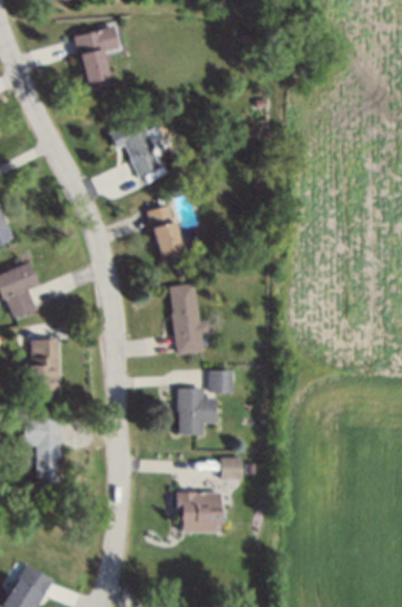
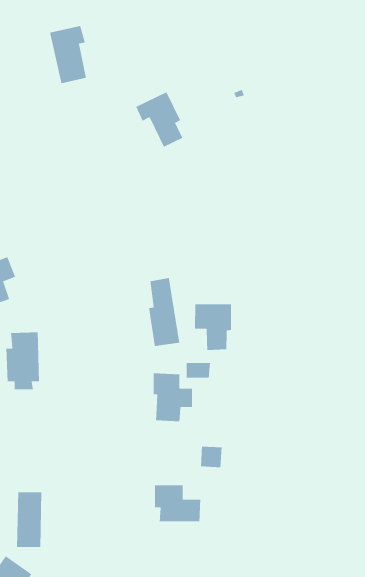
building: [111,119,160,175] -> [135,91,183,148]
building: [147,205,184,263] -> none
building: none -> [194,304,232,351]
building: [36,430,62,487] -> [16,491,42,548]

